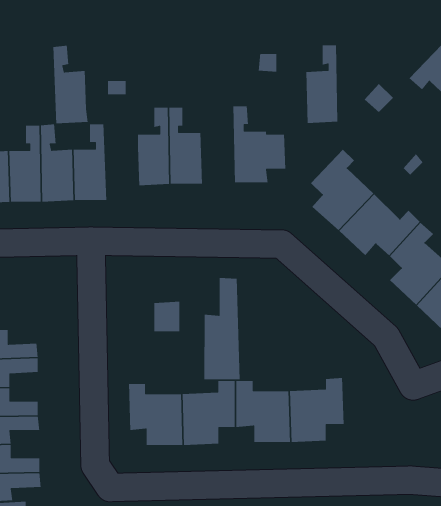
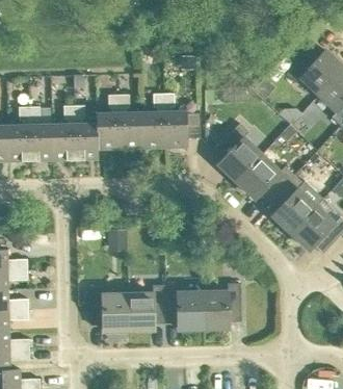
building: [305,45,338,124] -> [141,94,164,149]
building: [53,45,88,124] -> [74,105,99,160]
building: [204,277,241,380] -> none

